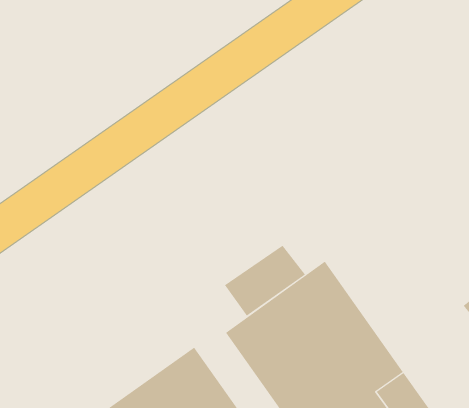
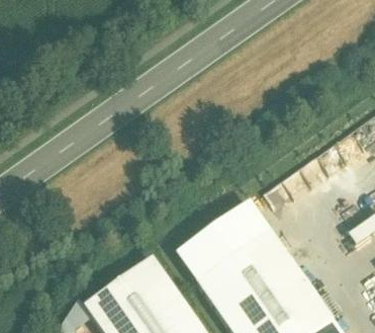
building: [224,245,306,317] -> none

